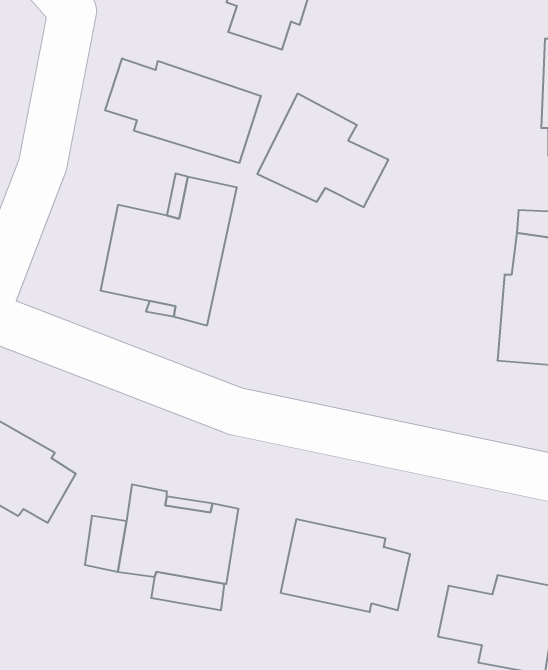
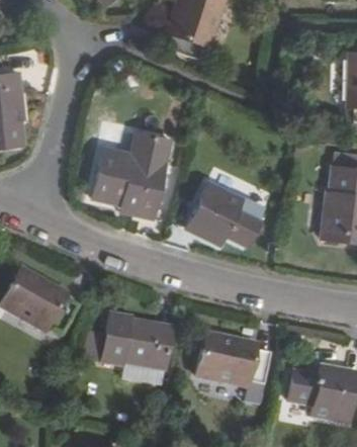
building: [105,58,261,163] -> none
building: [257,94,388,207] -> [185,181,261,247]

